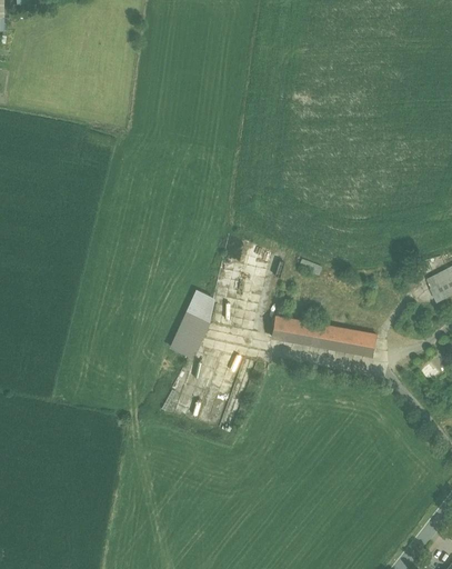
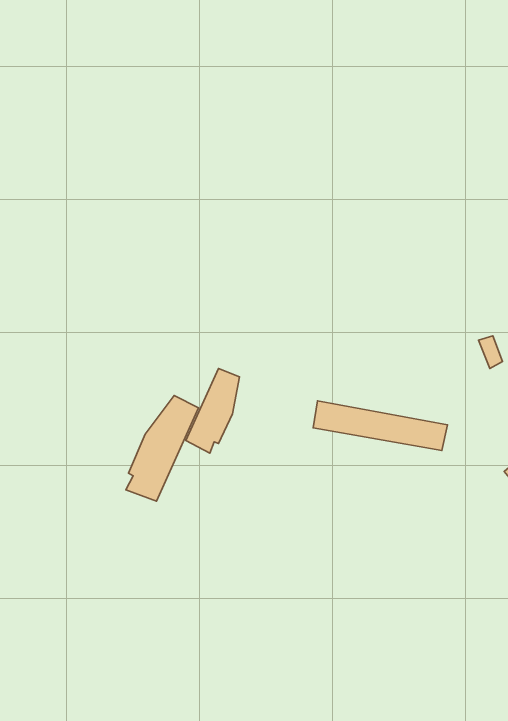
building: none -> [126,395,199,501]

